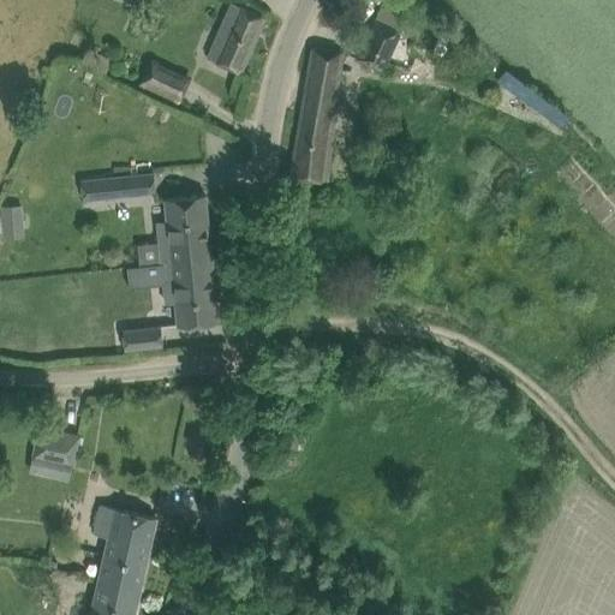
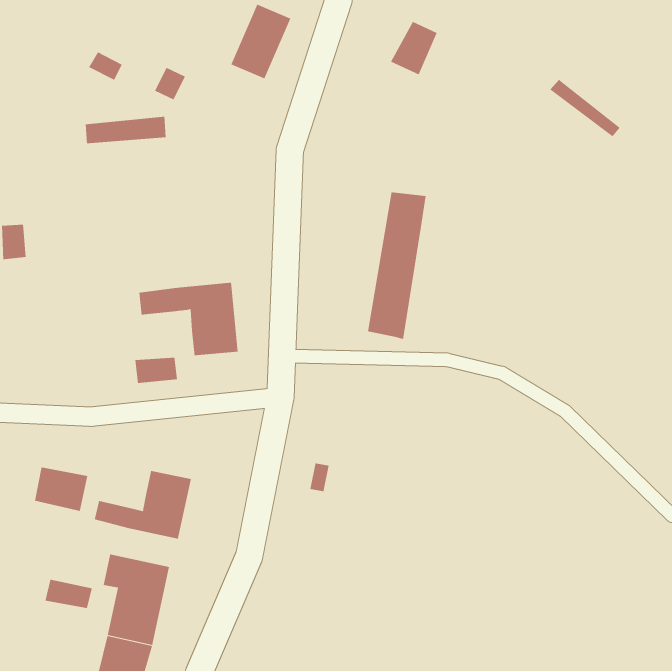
building: [289,50,344,185] -> [367,192,426,340]
building: [79,175,154,201] -> [85,116,167,144]
building: [160,196,211,264] -> none
building: none -> [94,470,191,540]
building: none -> [45,579,92,609]

